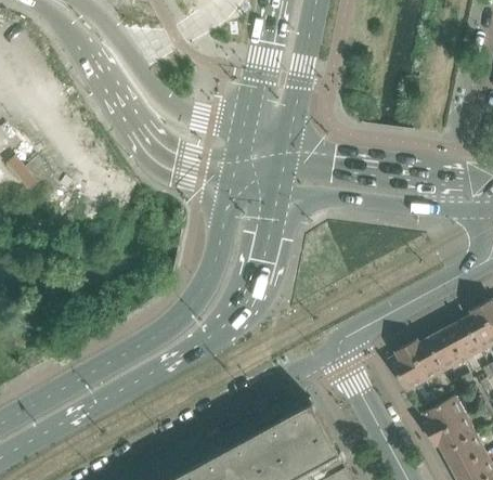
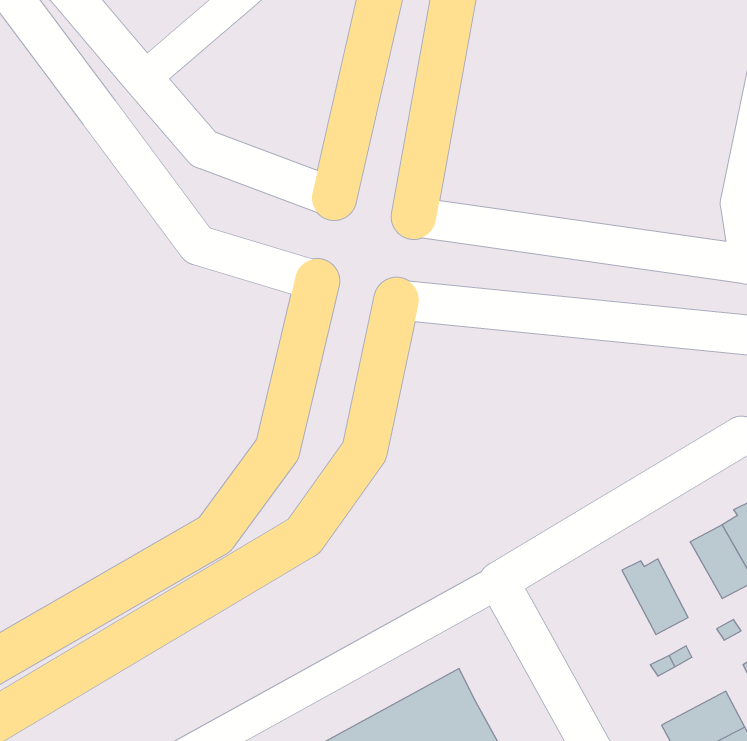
building: [426,329,463,373] -> none
building: [388,346,425,398] -> none
building: [421,397,465,434] -> none

